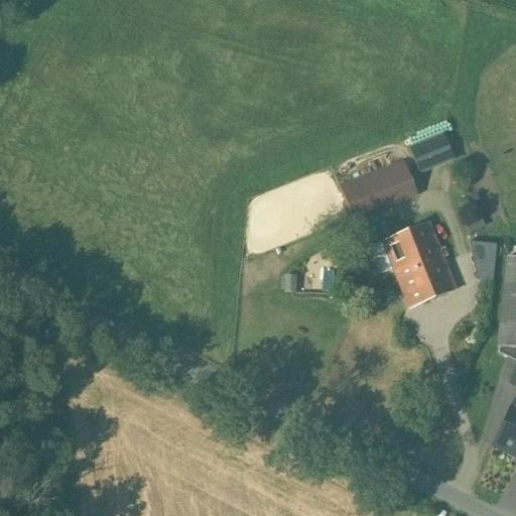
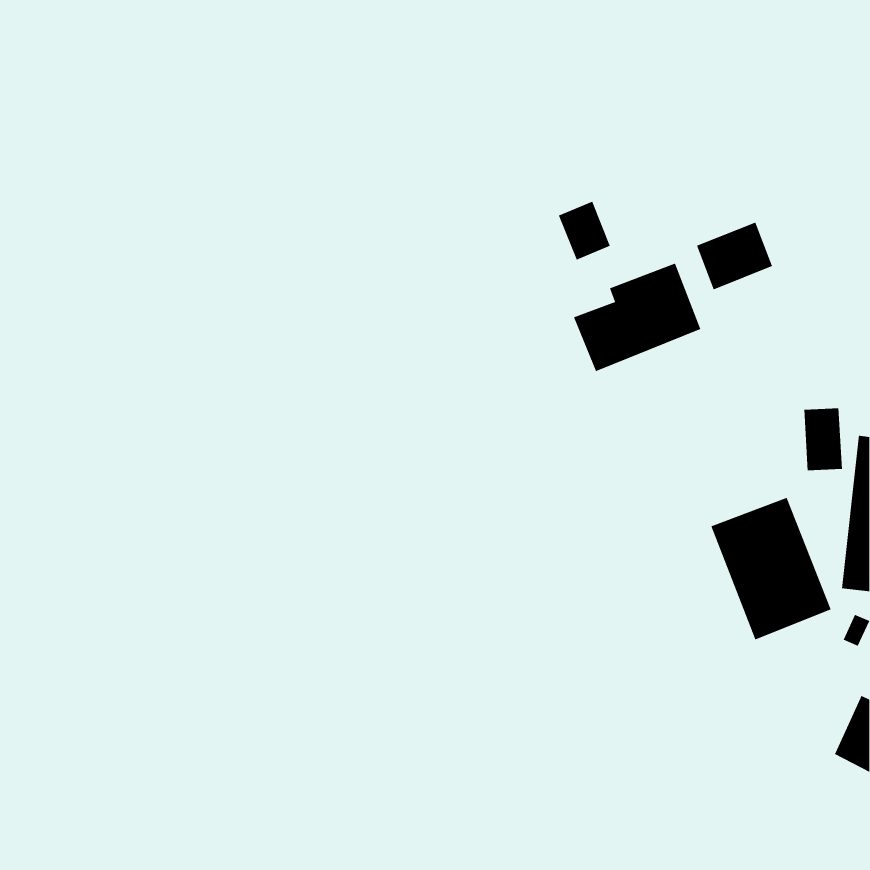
building: none -> [558,201,611,261]
building: [382,224,454,308] -> [710,497,832,640]

